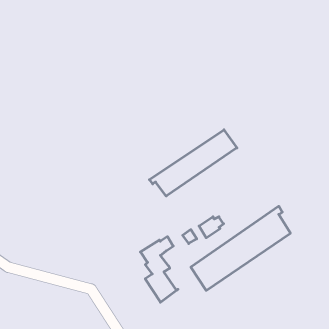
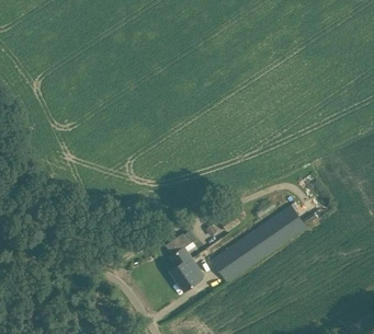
building: [149,130,237,196] -> none

